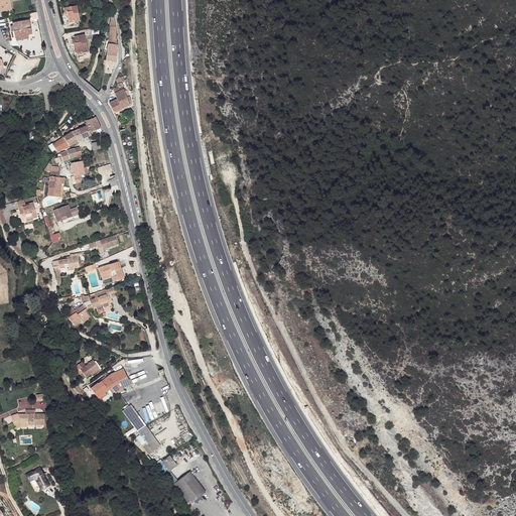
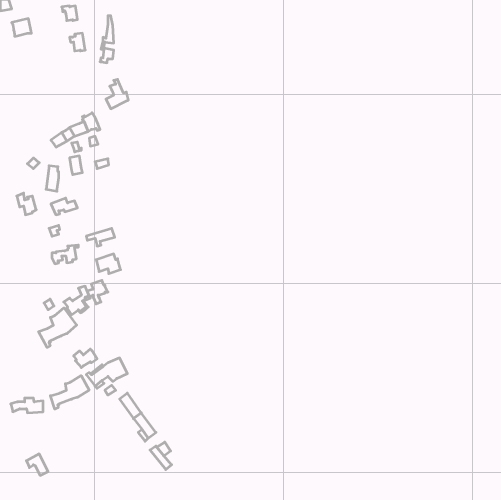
building: none -> [39,308,77,347]
building: none -> [50,376,89,409]
building: [173,471,206,504] -> none

